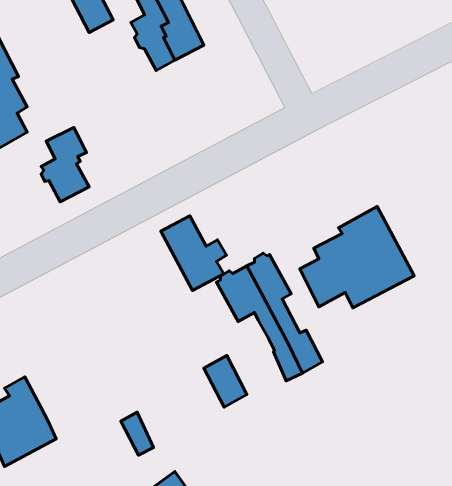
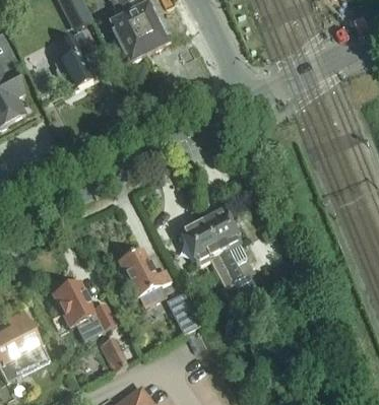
building: [41,127,89,202] -> [57,29,96,89]
building: [300,206,414,308] -> none
building: [161,216,226,290] -> [118,247,171,307]
building: none -> [53,279,116,339]

